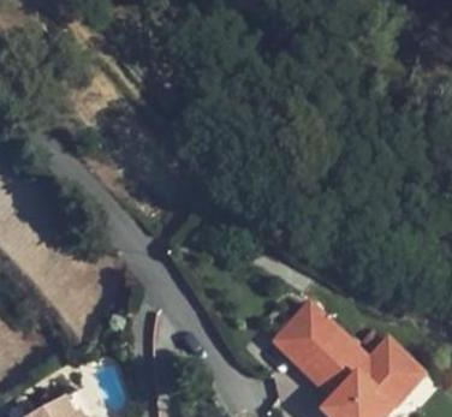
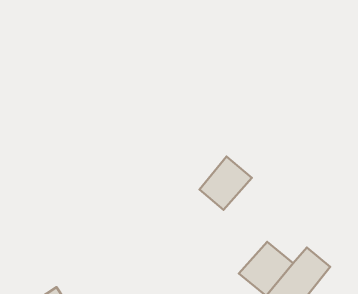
building: [267,308,332,374] -> [199,157,252,210]

